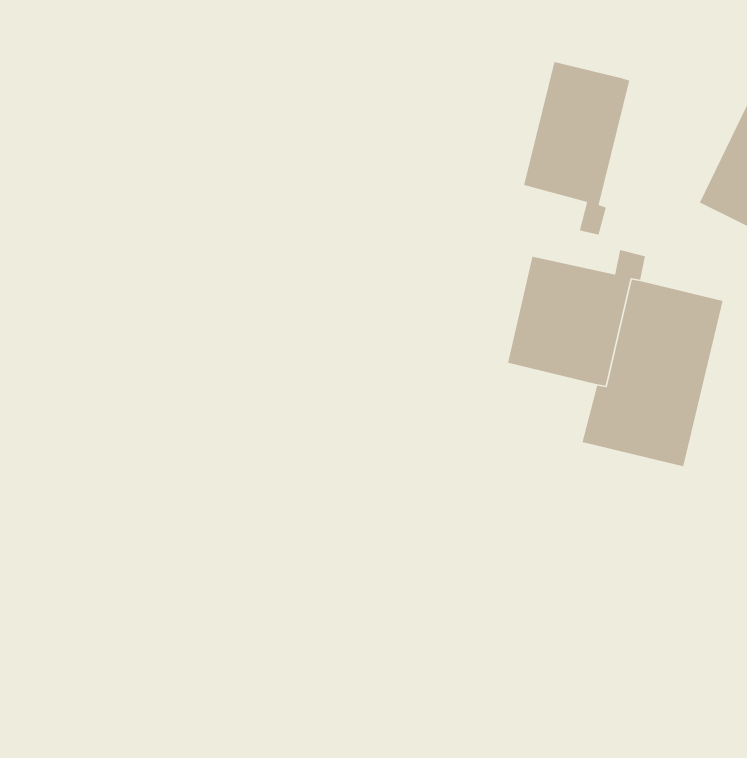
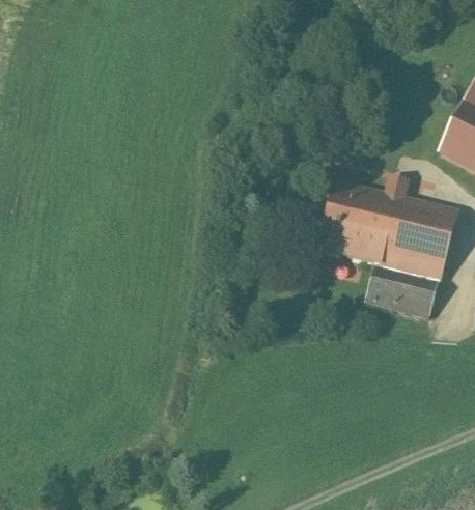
building: [523,61,630,236] -> none

